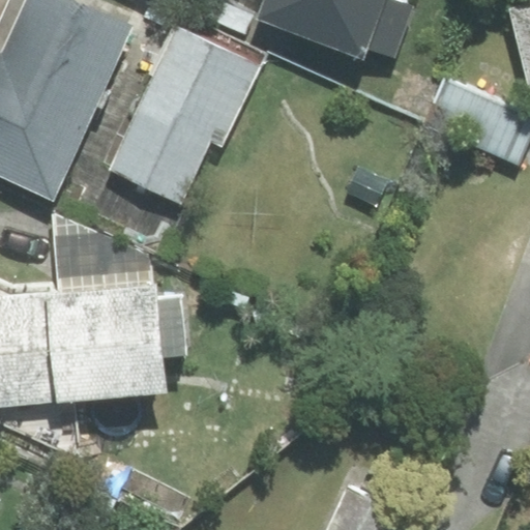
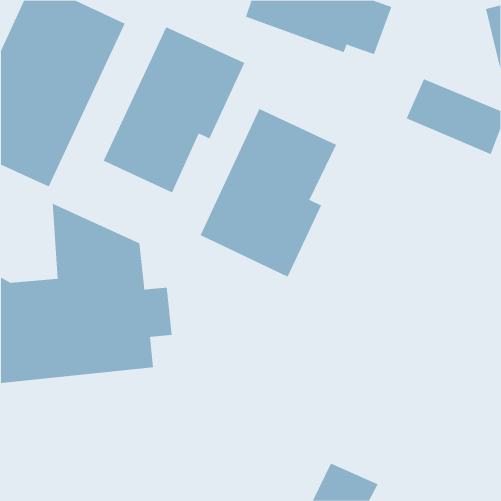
building: none -> [200,108,337,277]

